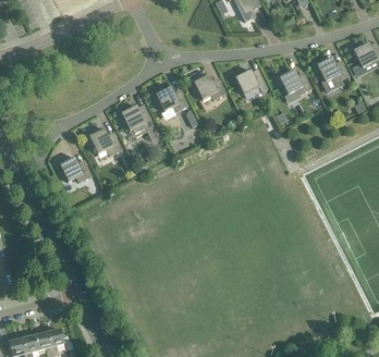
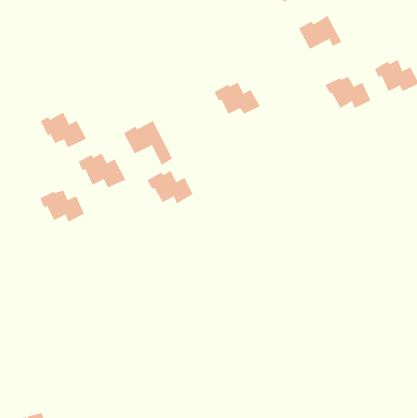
building: [234,69,268,95] -> [298,15,342,49]
building: [152,87,188,113] -> [147,170,193,204]
building: none -> [40,112,87,148]

